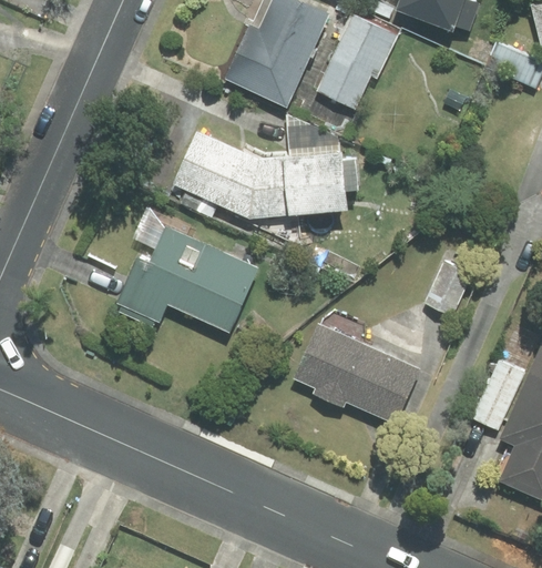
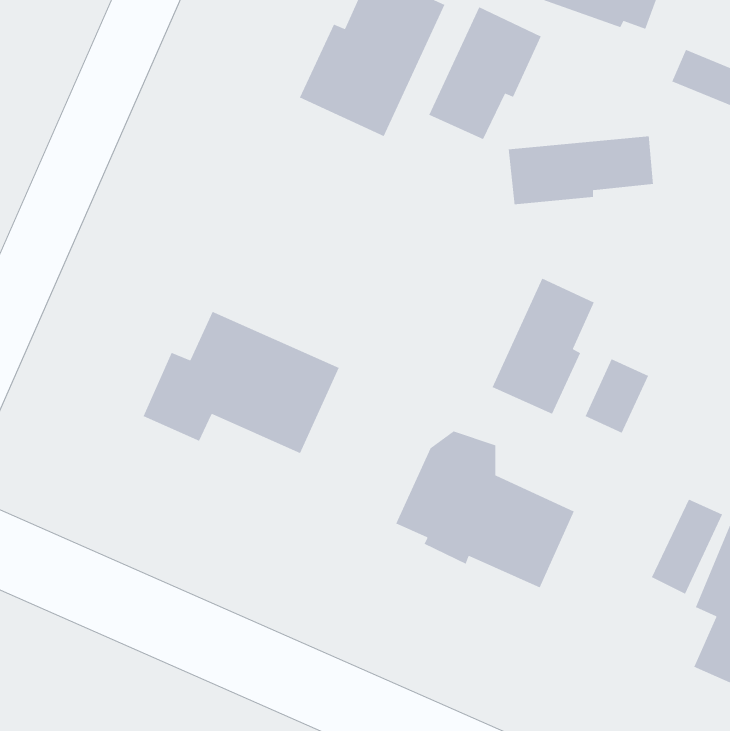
building: none -> [508,135,654,205]
building: [173,114,356,217] -> none
building: none -> [491,277,595,415]

